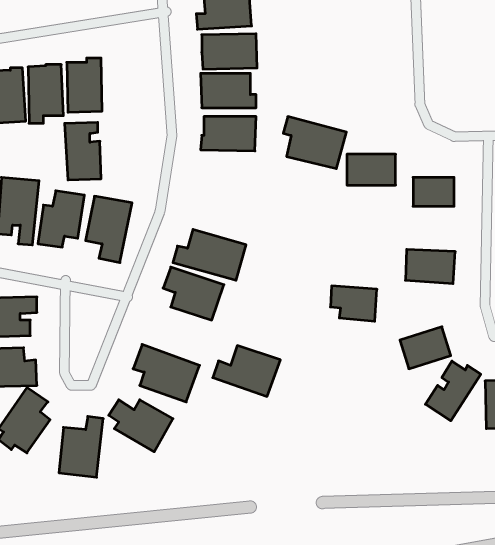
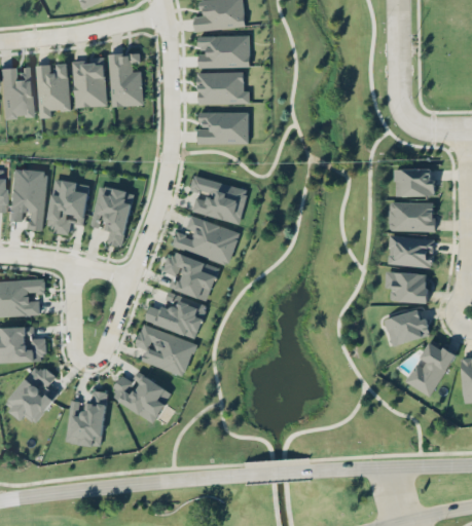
building: [283,117,346,169] -> [189,176,248,224]
building: [65,122,101,180] -> [109,53,143,107]
building: [347,154,396,185] -> [389,201,434,230]
building: [330,286,377,321] -> [385,270,428,303]
building: [213,346,280,396] -> [145,292,208,339]

